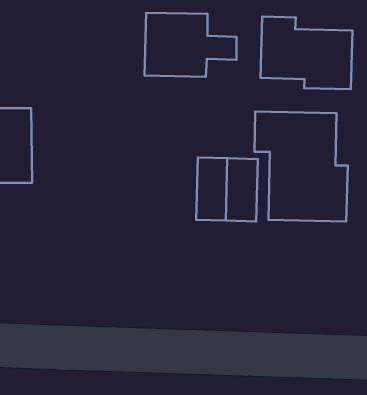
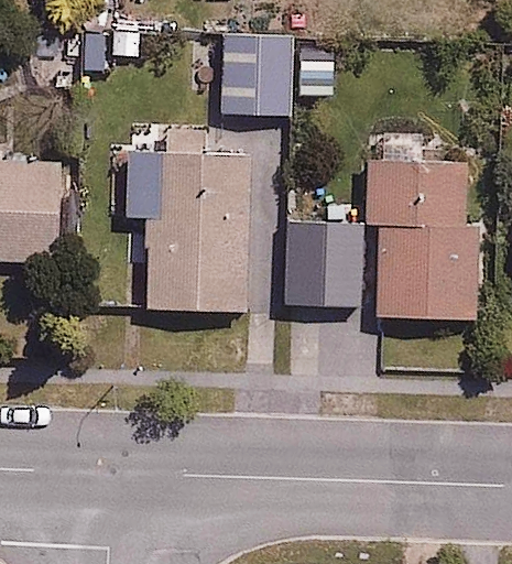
building: [261,17,352,89] -> none
building: none -> [148,155,252,308]

